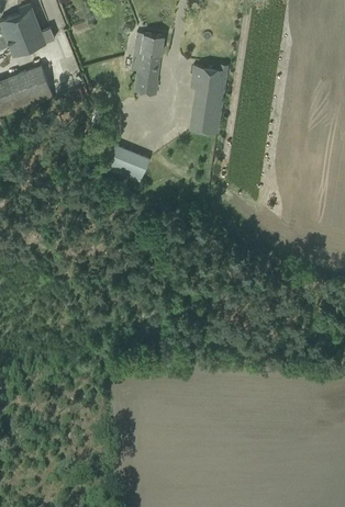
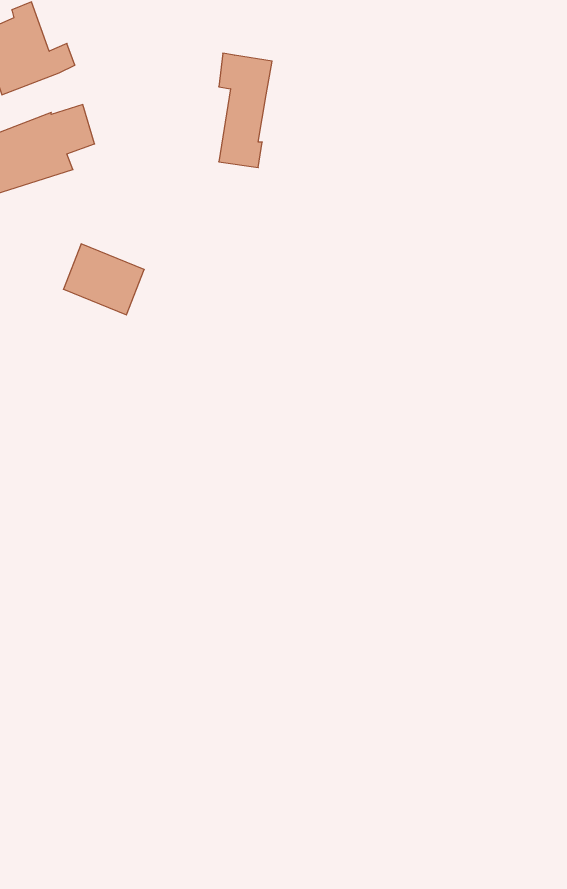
building: [189,66,224,134] -> none
building: [103,145,148,184] -> [63,244,144,315]

